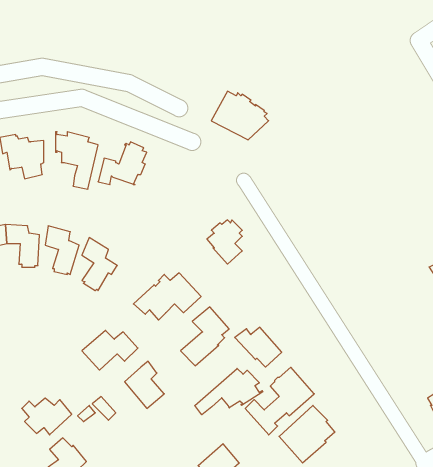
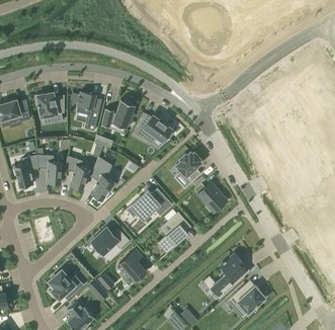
building: [211,91,269,140] -> [134,113,173,147]
building: [235,327,282,367] -> [193,182,226,210]
building: [195,368,263,415] -> none

